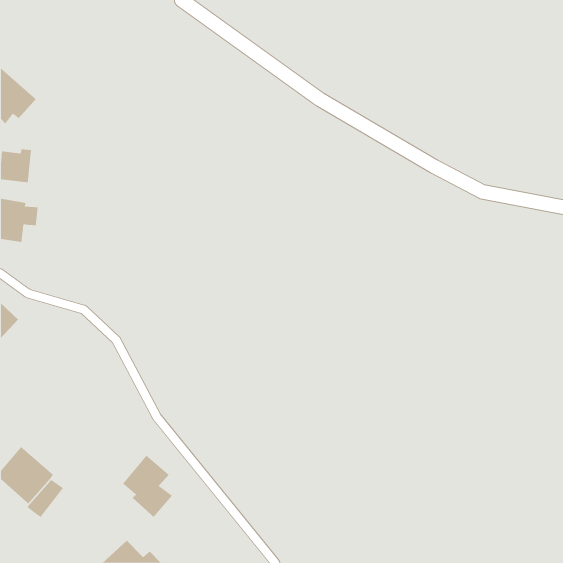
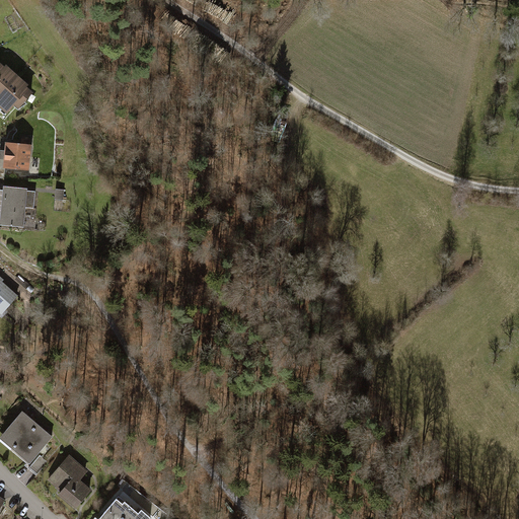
building: [122,455,173,518] -> [45,454,91,512]

